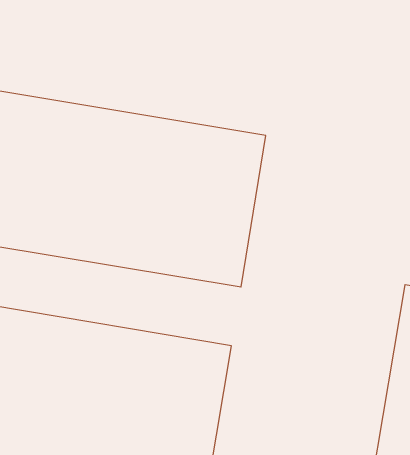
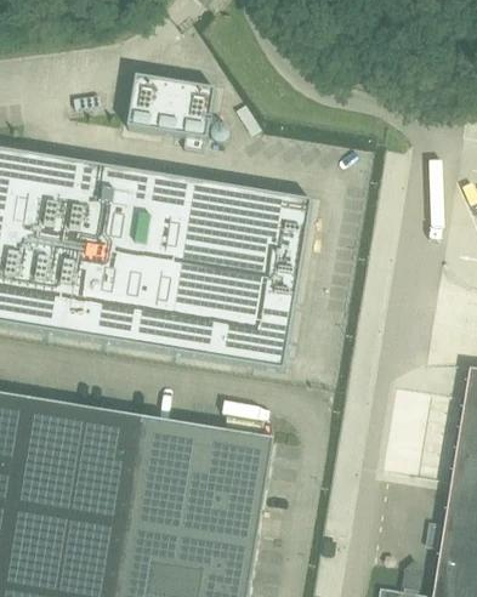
building: none -> [126,74,216,149]

